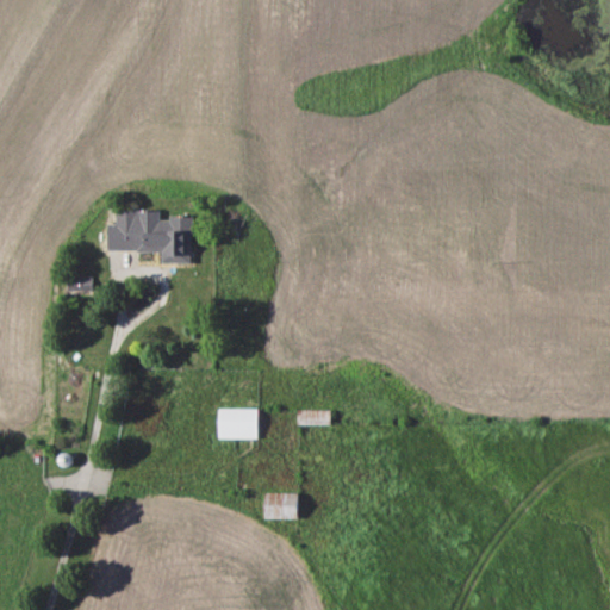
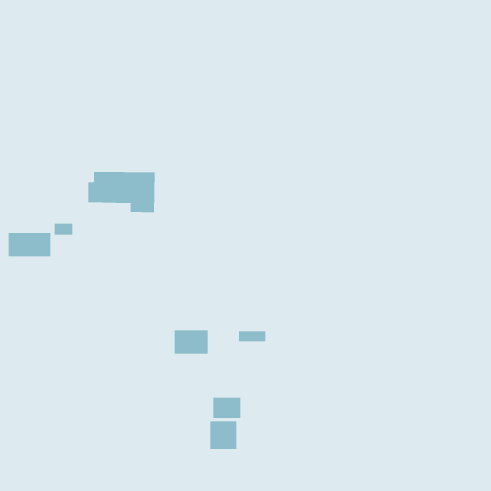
building: none -> [8,232,51,257]
building: none -> [209,420,237,450]

